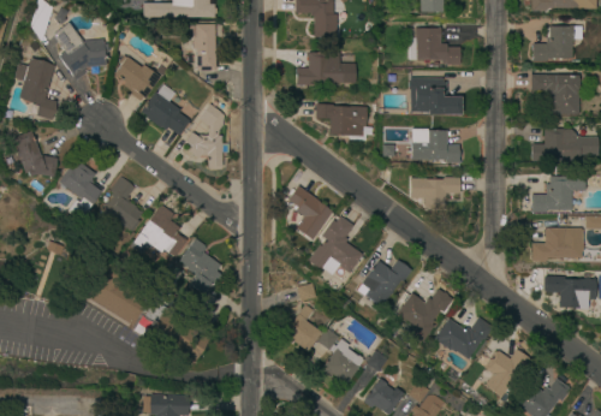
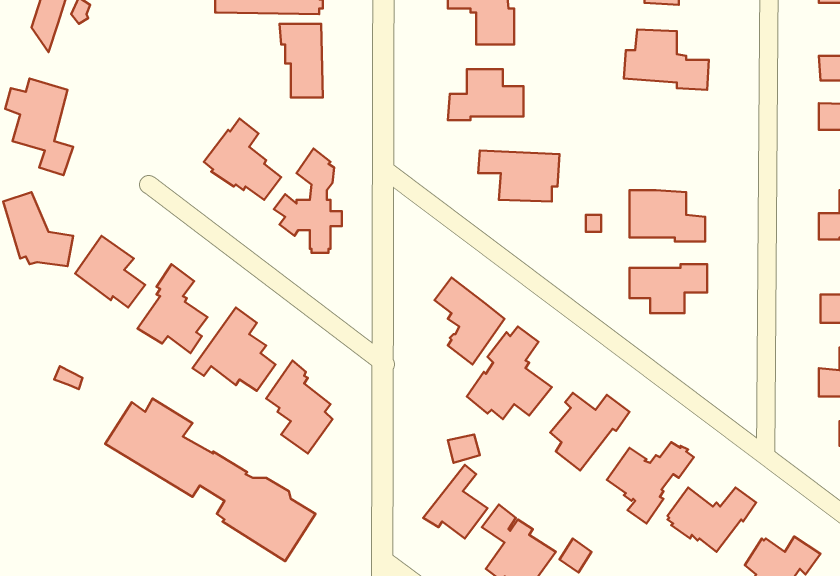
building: [53,22,109,79] -> none
building: [114,54,160,100] -> none
building: [409,77,460,114] -> none

